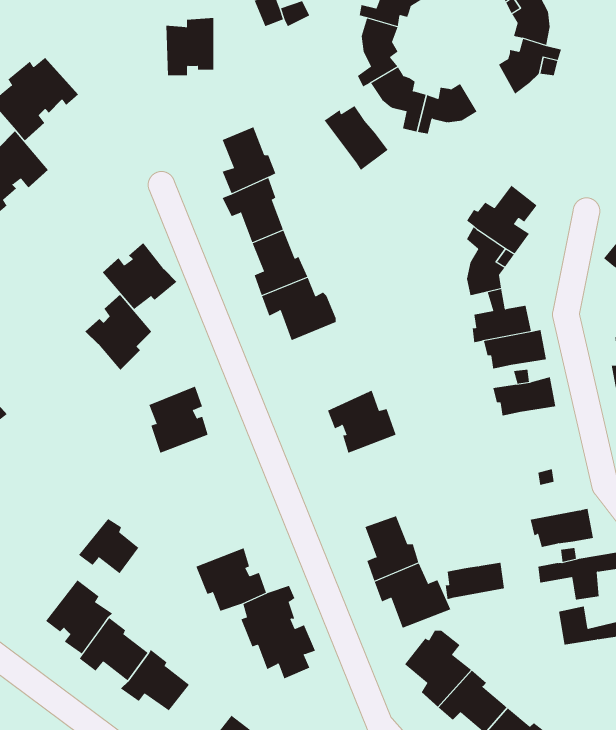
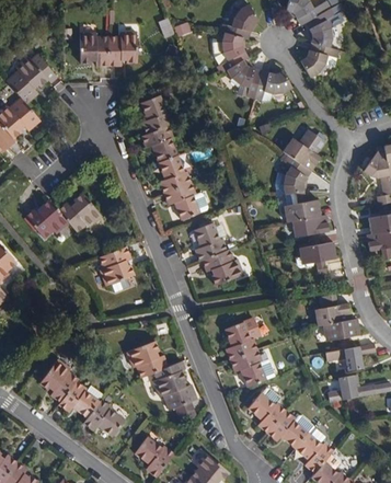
building: none -> [80,33,110,66]
building: [324,105,389,171] -> none
building: [102,242,177,310] -> [25,199,69,239]
building: none -> [194,222,227,261]
building: [78,518,139,574] -> none
building: [445,562,505,600] -> [315,303,350,325]

